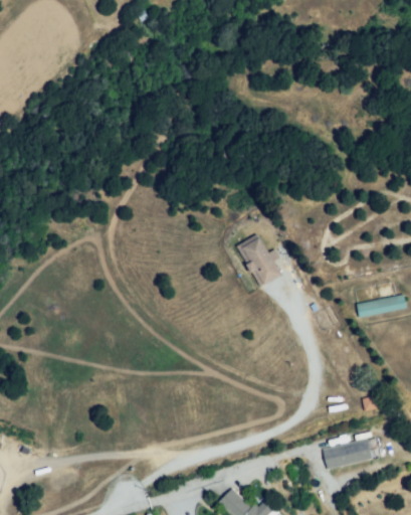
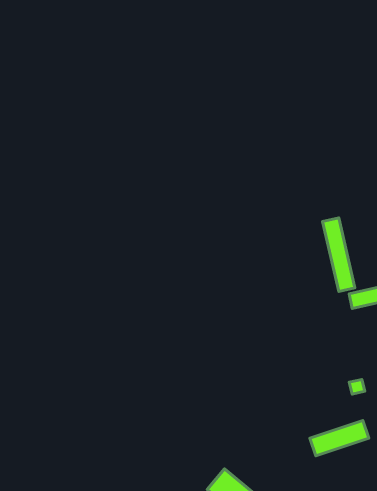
building: none -> [323,218,355,292]
building: [238,235,278,286] -> none

